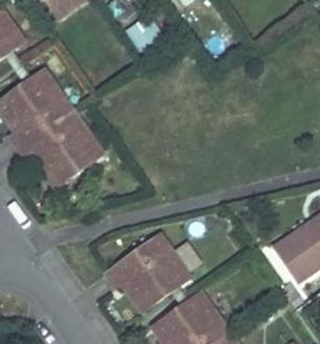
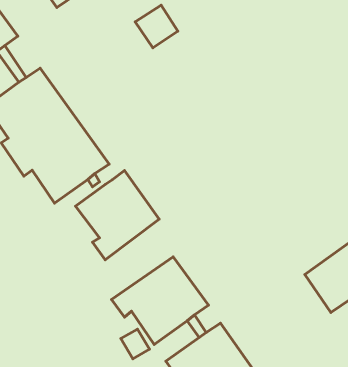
building: none -> [75,170,159,260]

